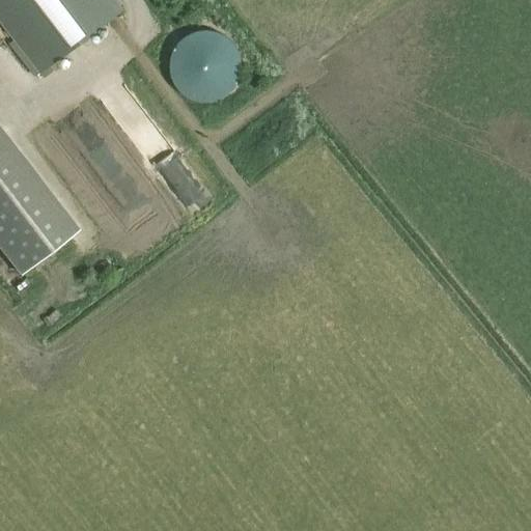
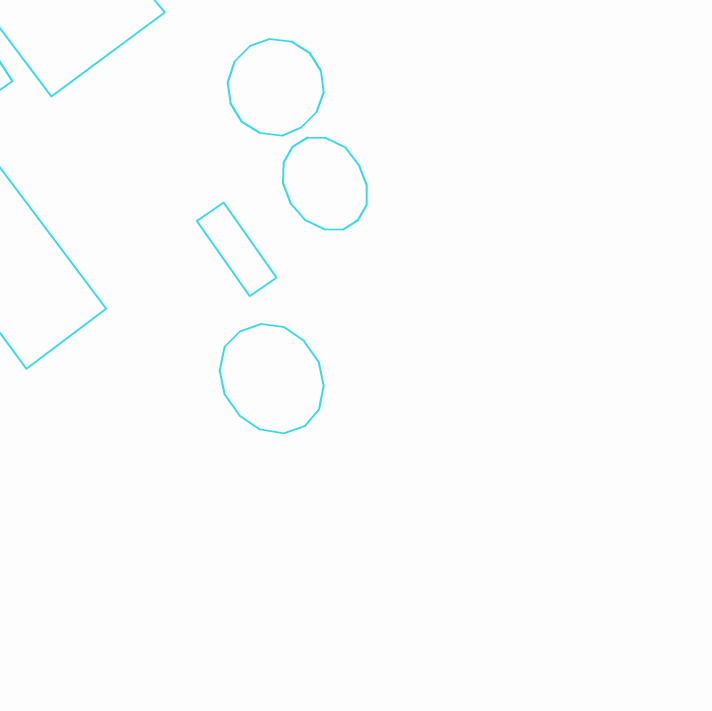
building: none -> [283,137,367,230]
building: none -> [220,324,324,433]

